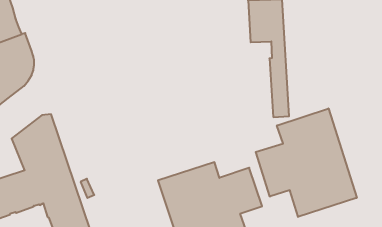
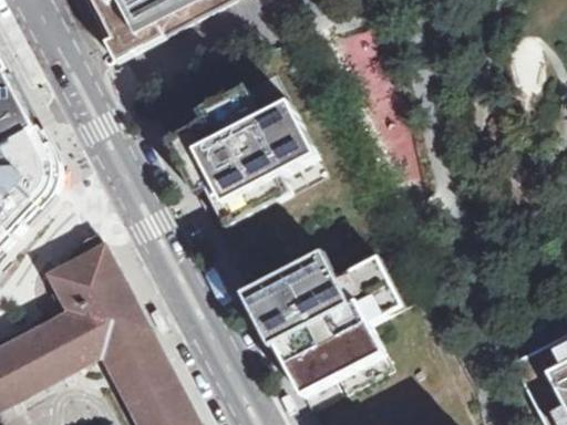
building: none -> [167,89,317,228]
building: [256,108,357,217] -> none

